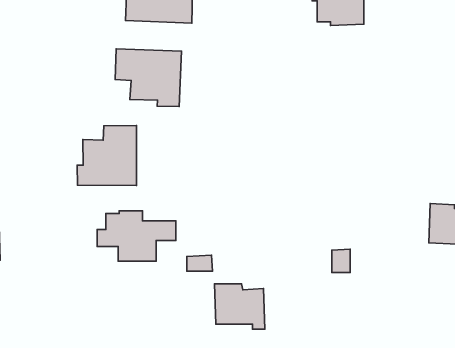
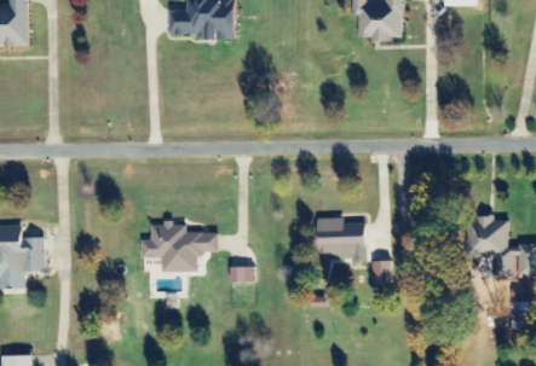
building: [115,49,182,106] -> none
building: [77,126,137,185] -> none
building: [214,284,265,329] -> [317,217,367,262]

